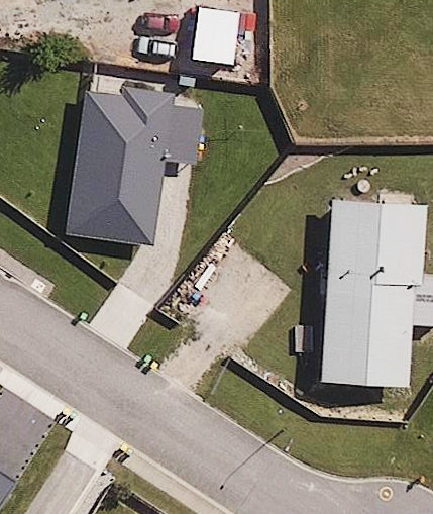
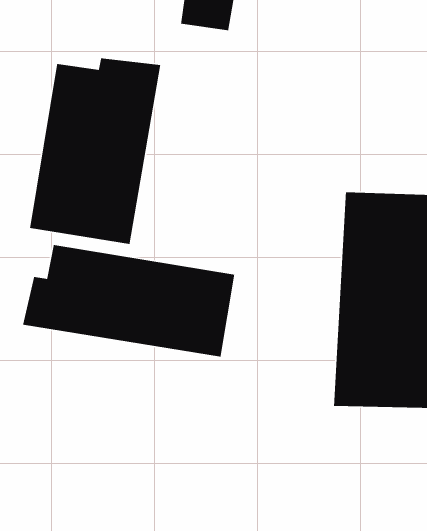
building: none -> [22,244,235,357]

